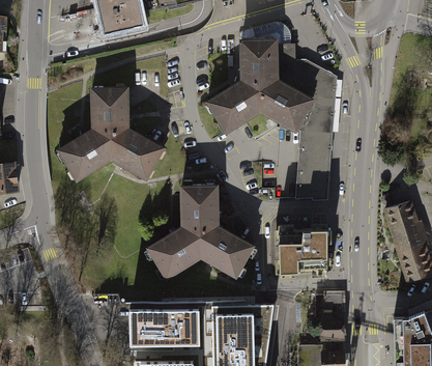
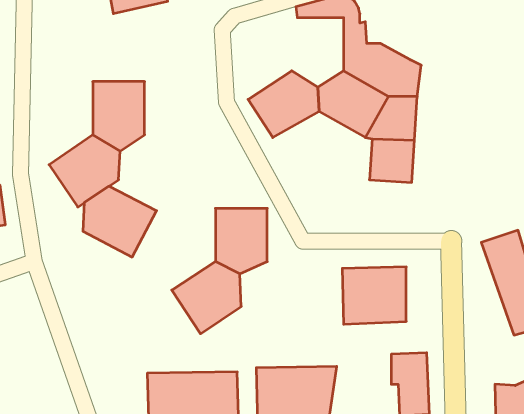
building: [239,38,279,91] -> none
building: [108,128,164,181] -> [83,186,157,257]
building: [296,162,330,199] -> none
building: [200,224,256,277] -> none

